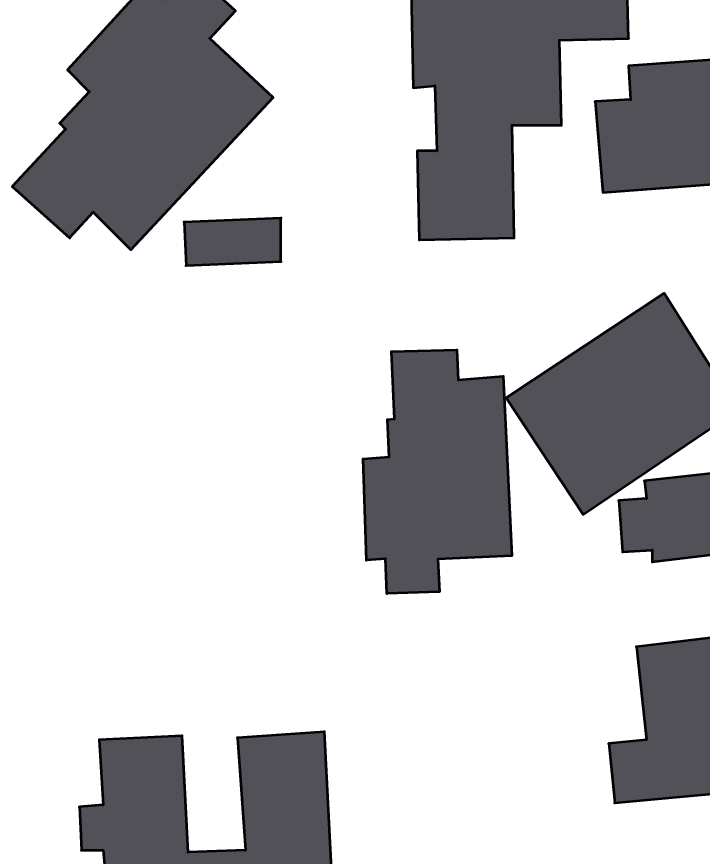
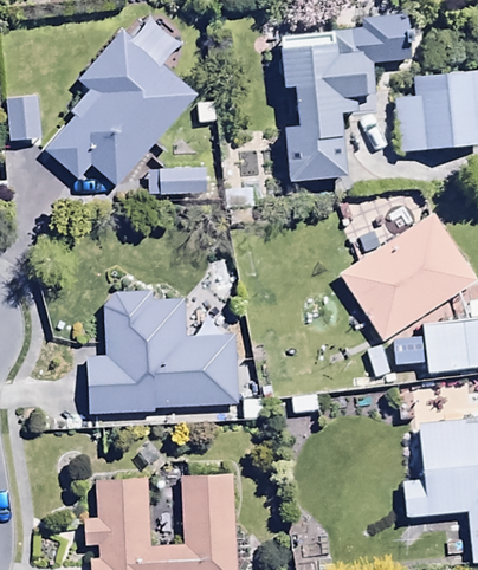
building: [363,350,512,594] -> none
building: none -> [86,291,238,414]

